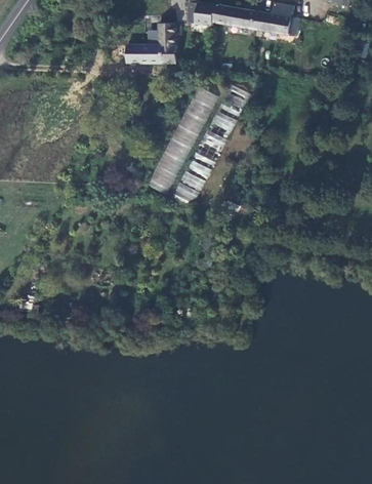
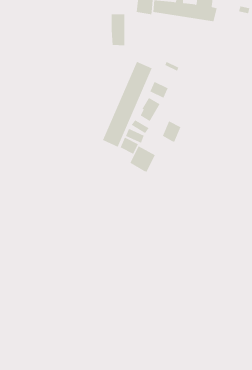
building: [127,45,161,65] -> none
building: none -> [162,121,181,142]
building: none -> [130,145,156,173]

